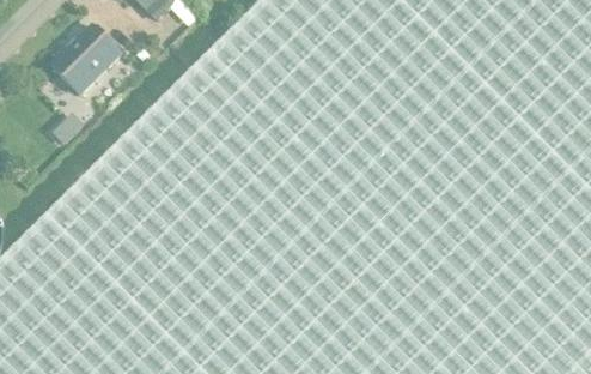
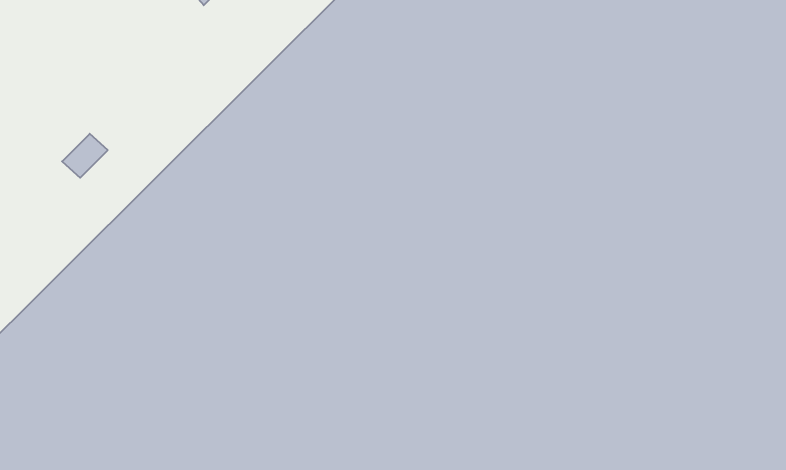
building: [53,31,121,99] -> none

